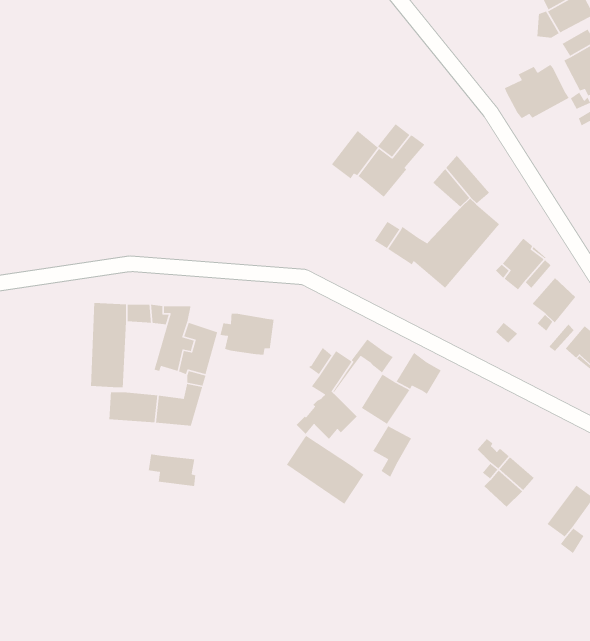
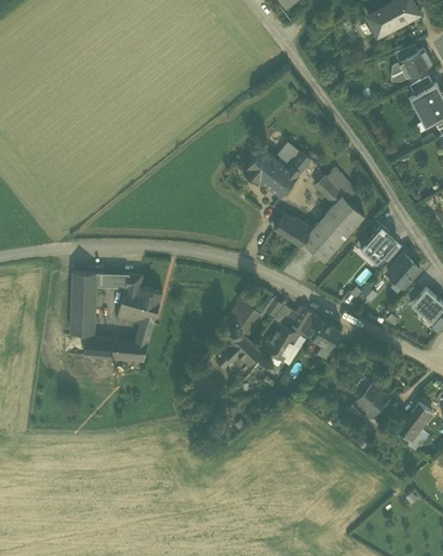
building: [504,64,570,119] -> none
building: [220,313,275,355] -> none
building: [372,425,412,478] -> [312,319,341,357]
building: [286,435,365,505] -> none
building: [148,454,196,487] -> none

